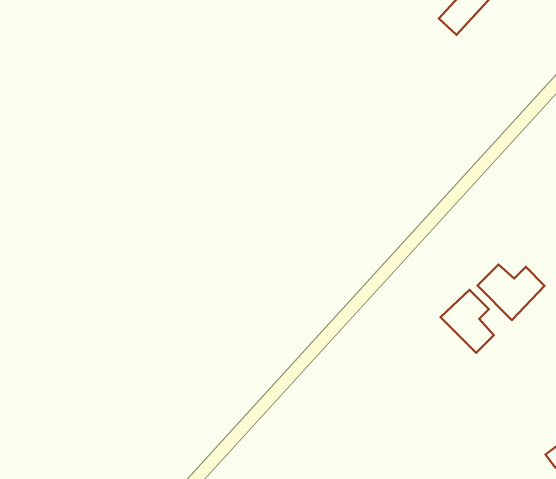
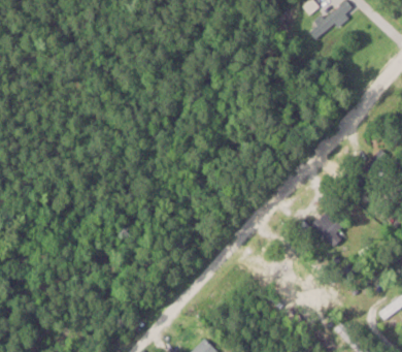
building: [477,264,545,320] -> none

